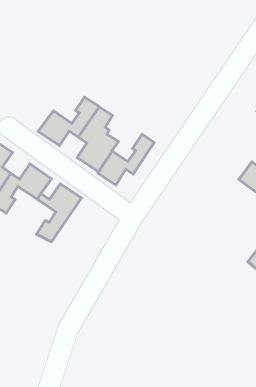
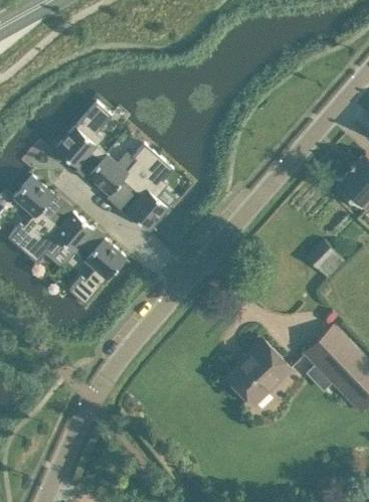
building: none -> [56,103,112,168]
building: [98,134,154,185] -> none
building: none -> [227,340,291,404]

